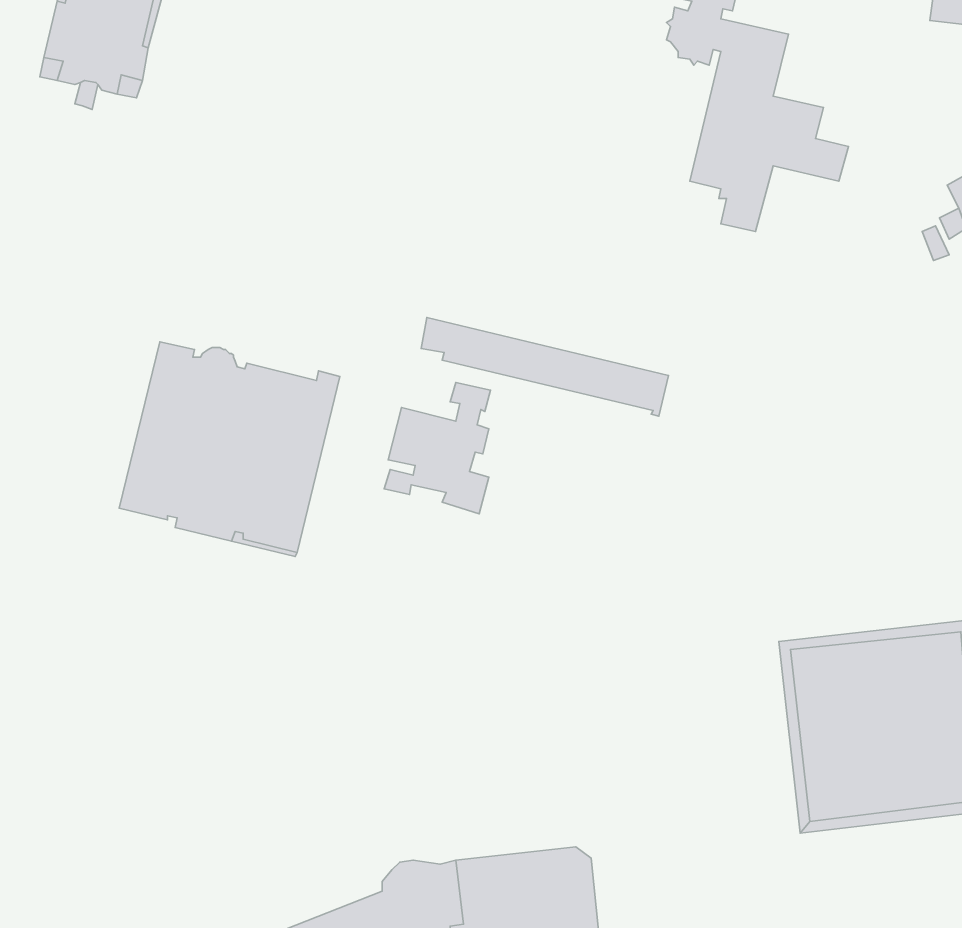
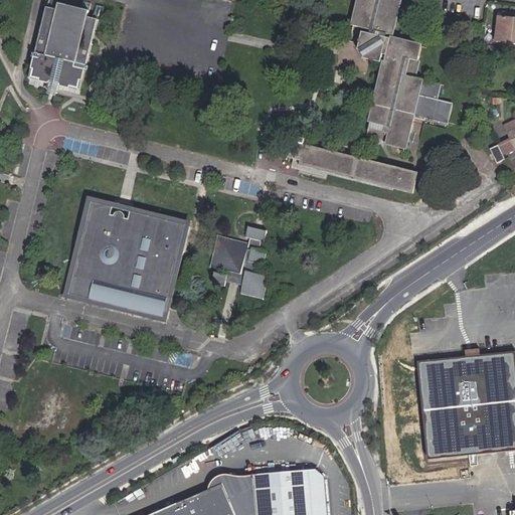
building: [421,318,669,416] -> [289,142,417,193]
building: none -> [68,199,176,302]

